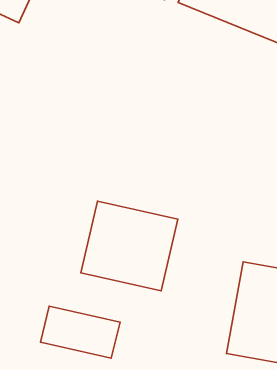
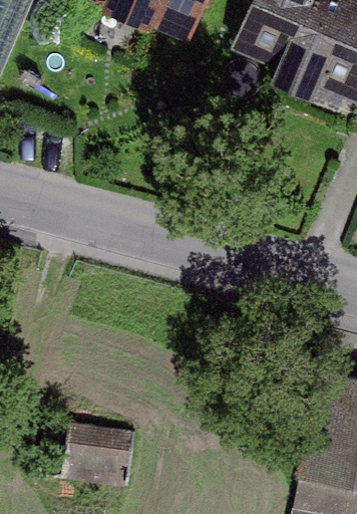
building: [81,201,178,291] -> none

